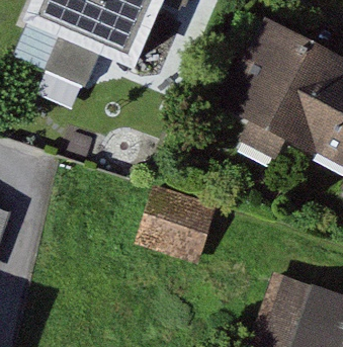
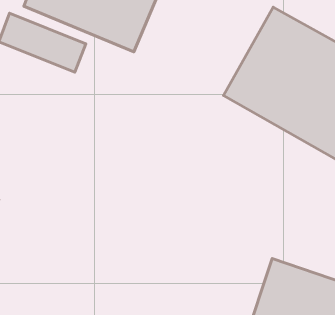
building: [134,186,203,259] -> none

